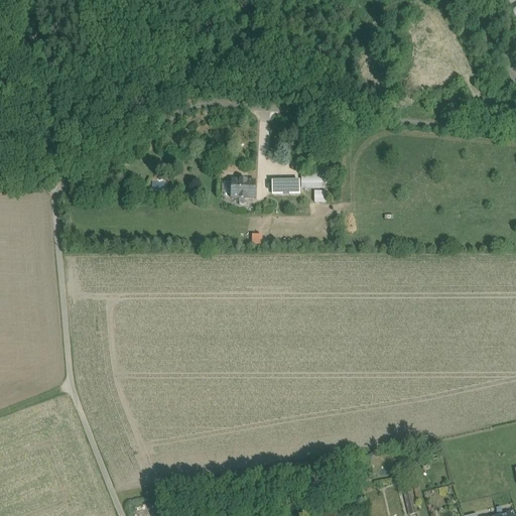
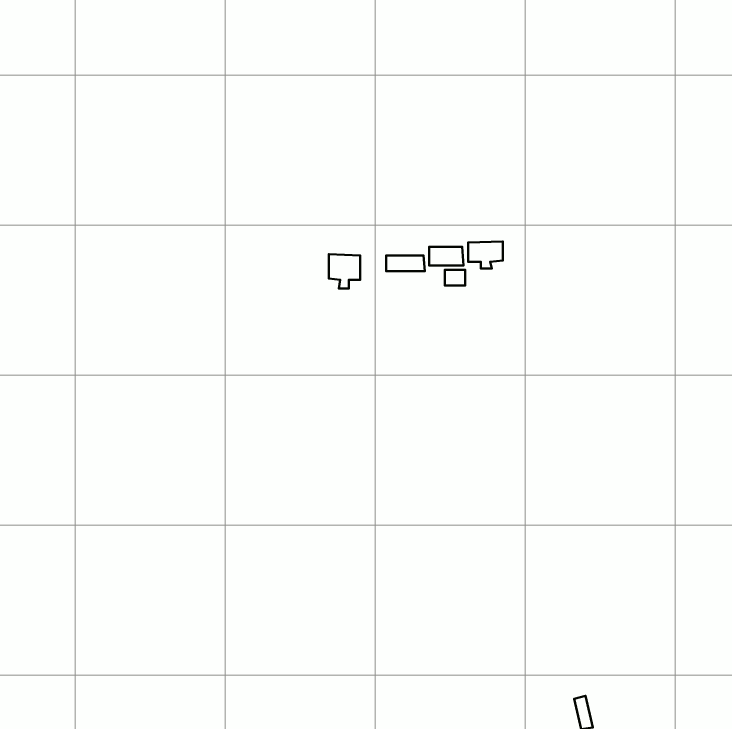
building: none -> [468,241,503,269]

